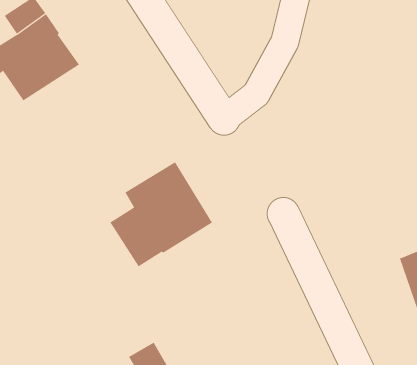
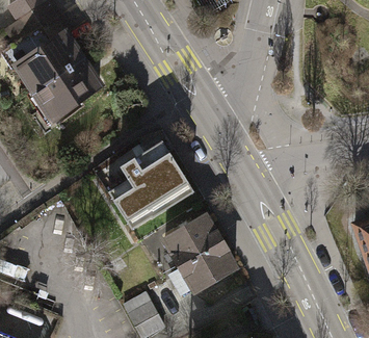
building: none -> [29,60,99,121]
building: none -> [164,217,235,291]

